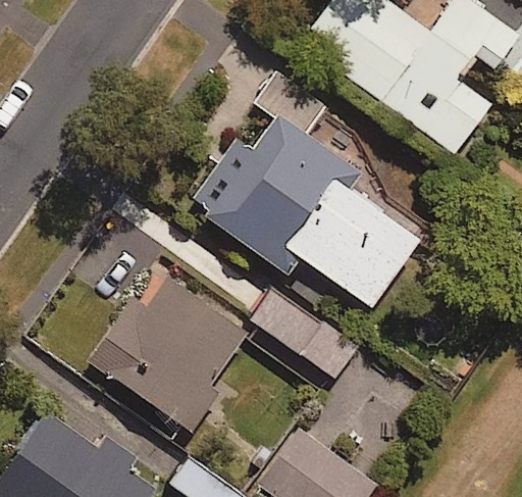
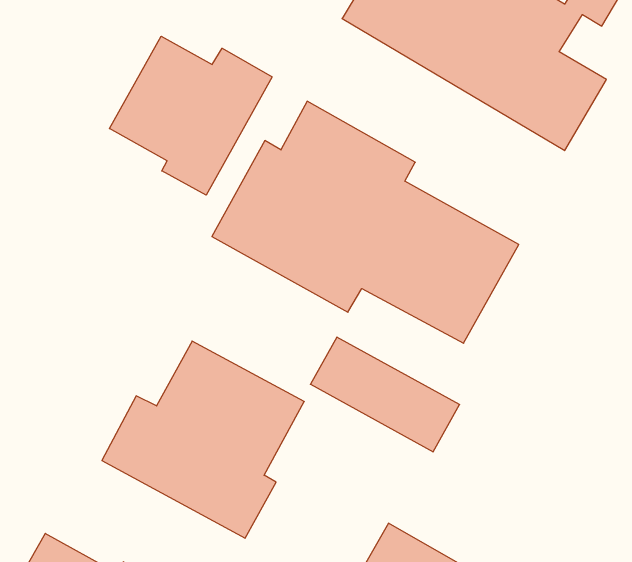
building: none -> [109,36,272,195]

